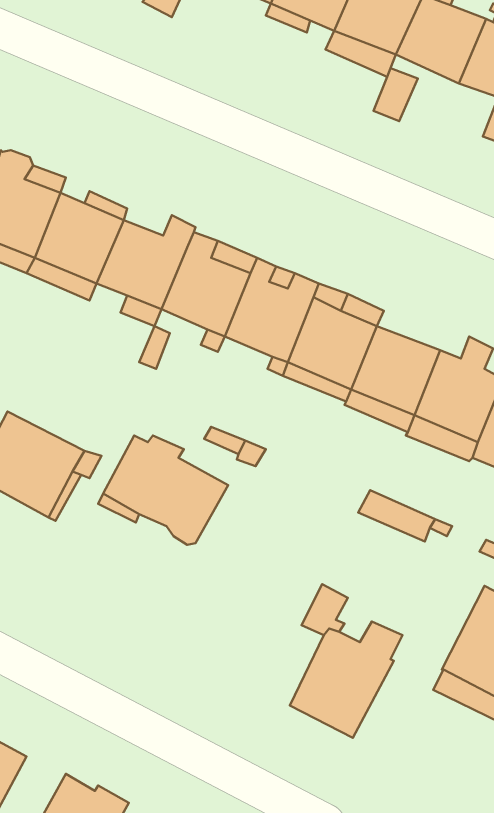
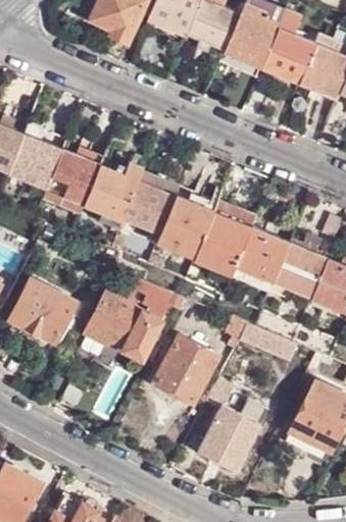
building: none -> [153,335,217,404]

